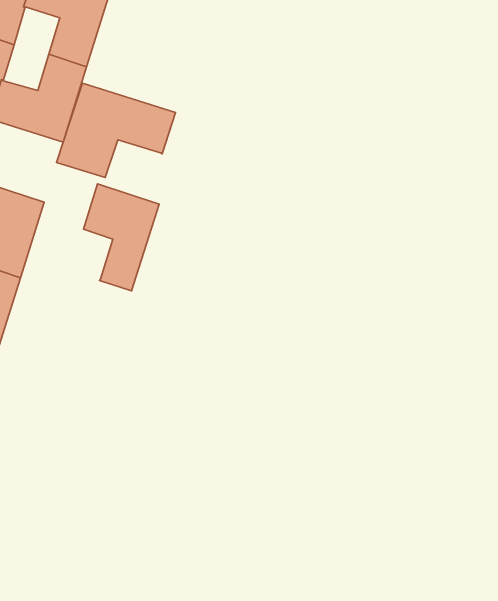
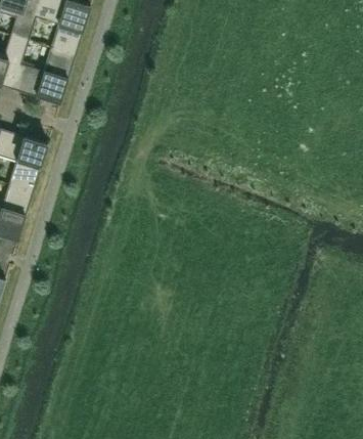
building: [56,83,175,178] -> none
building: [83,184,159,291] -> none

